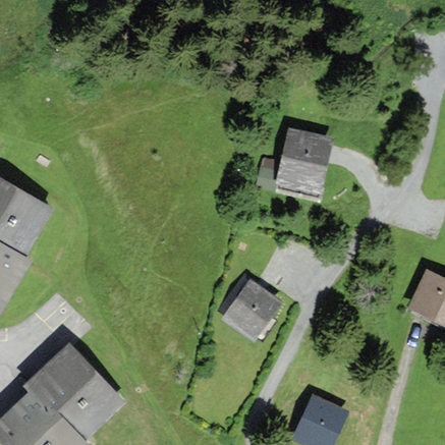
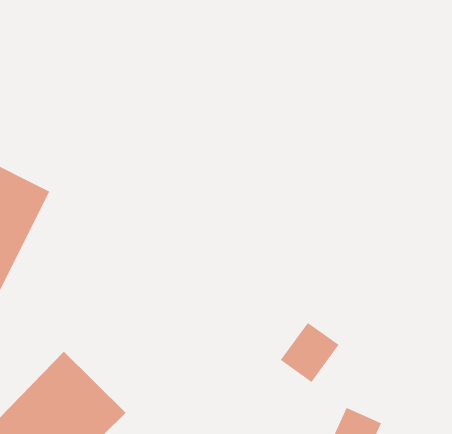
building: [278,129,329,189] -> none
building: [227,285,280,339] -> [280,322,339,383]

